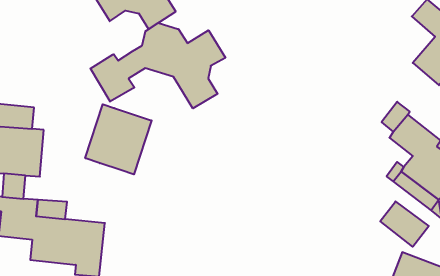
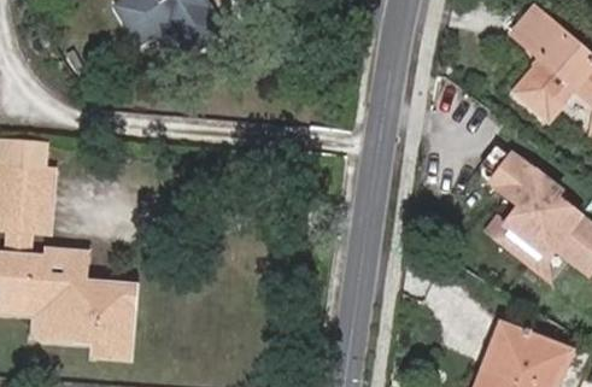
building: [90,23,225,108] -> none
building: [85,104,152,174] -> none
building: [380,201,429,247] -> none

